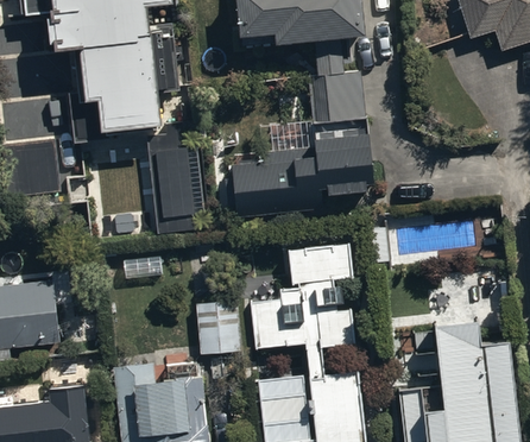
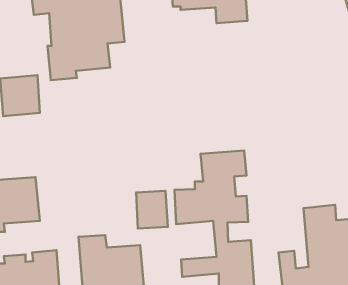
building: [233,74,373,215] -> none
building: [150,119,196,233] -> none

